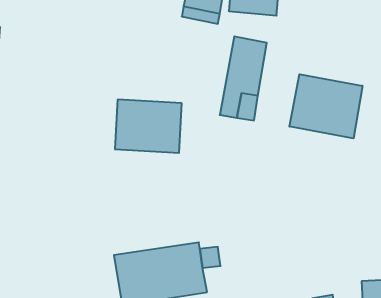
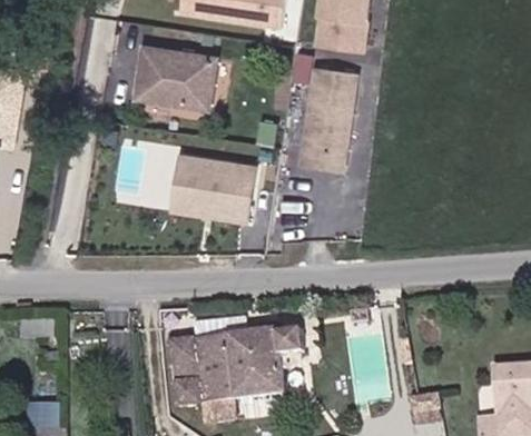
building: none -> [137,44,220,115]
building: [289,74,362,138] -> none

